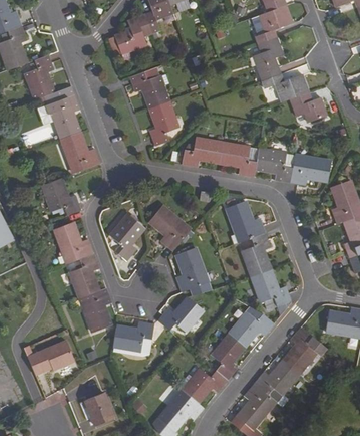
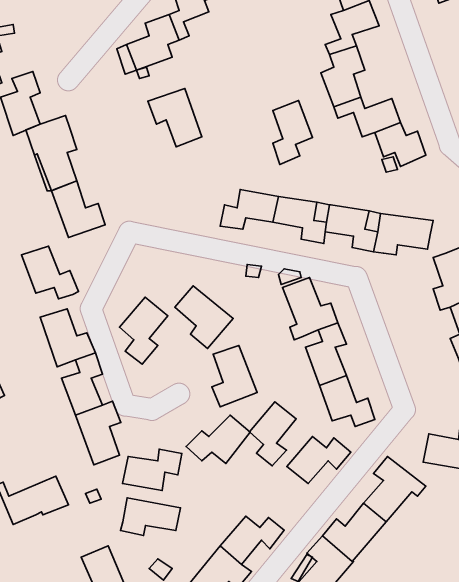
building: [150,100,178,146] -> [273,100,313,164]
building: [211,334,244,379] -> [249,402,296,466]
building: none -> [121,498,181,535]

